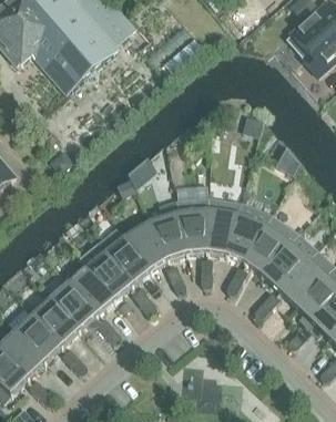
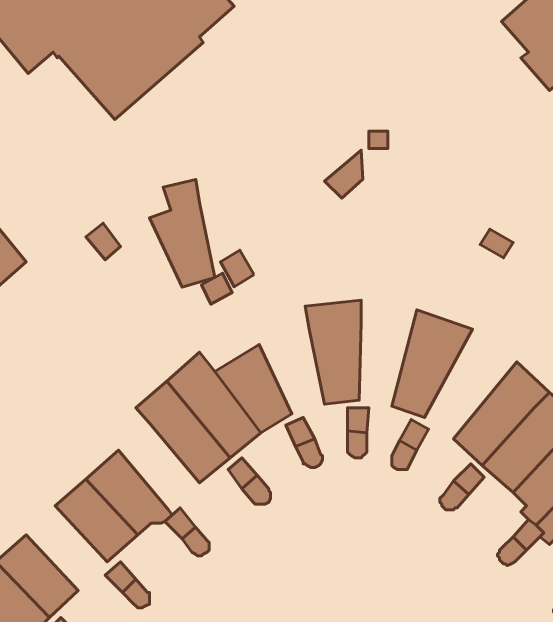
building: [208,195,242,256] -> none
building: [151,198,189,260] -> [150,179,215,287]
building: [246,212,299,275] -> none
building: [70,266,116,316] -> none
building: [17,313,63,362] -> none

